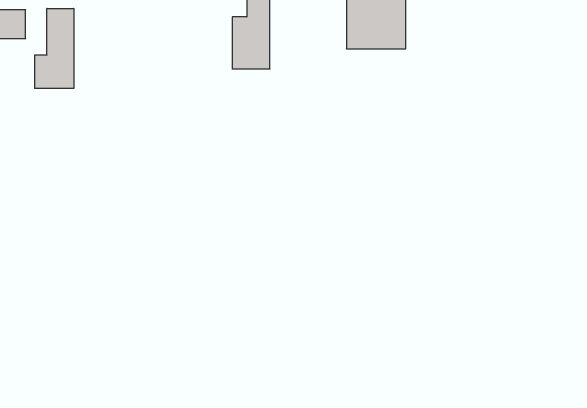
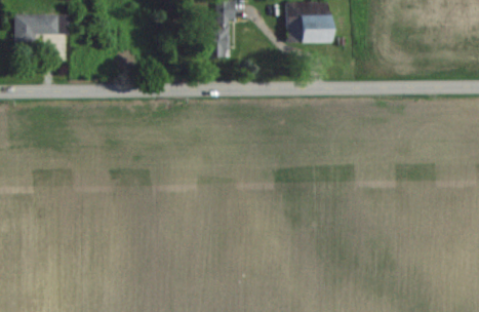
building: [35,8,74,88] -> none

